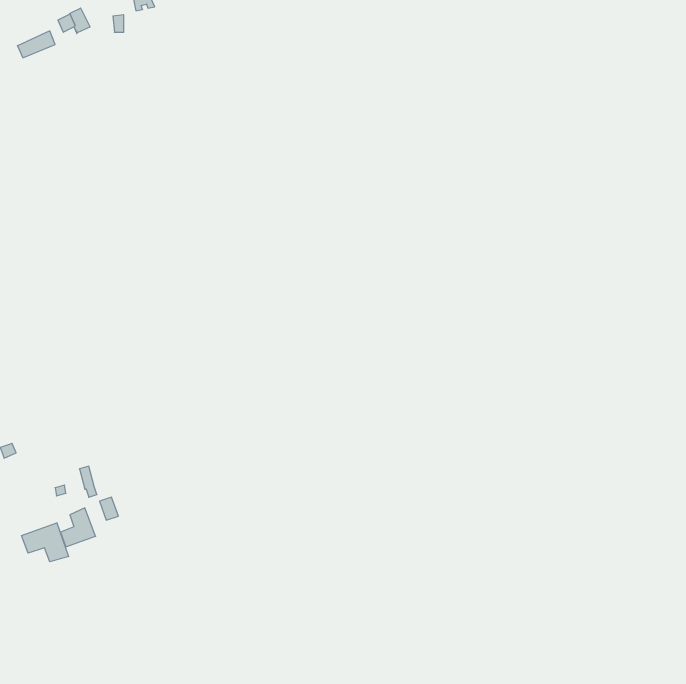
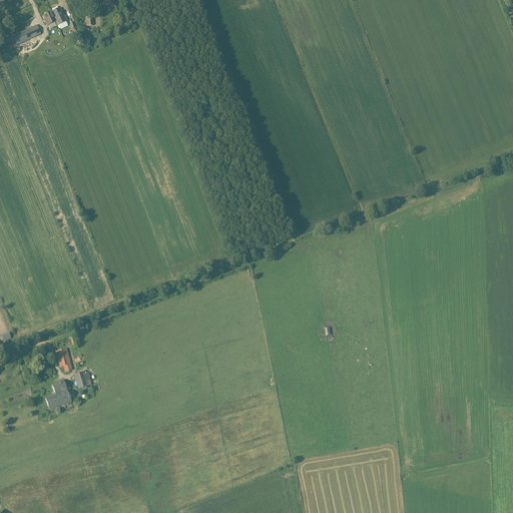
building: [22,523,69,562] -> none

